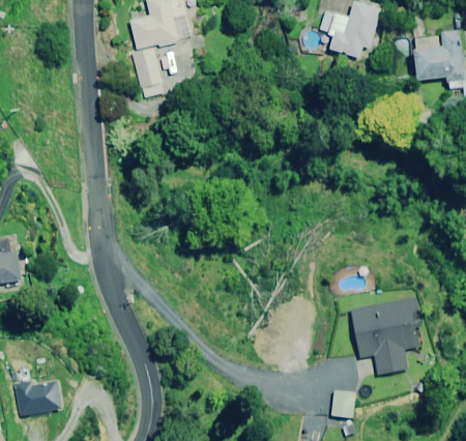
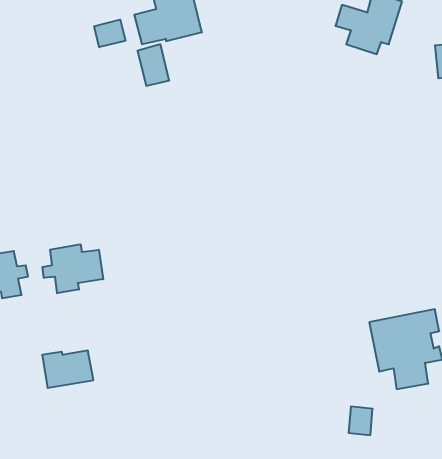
building: none -> [94,20,125,47]
building: none -> [43,244,103,293]
building: [13,380,62,415] -> [42,351,93,388]

